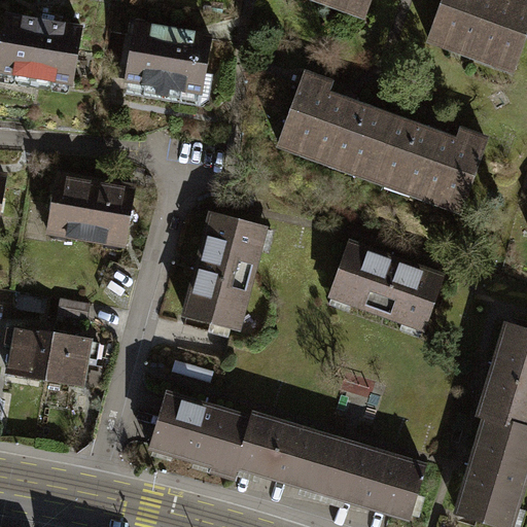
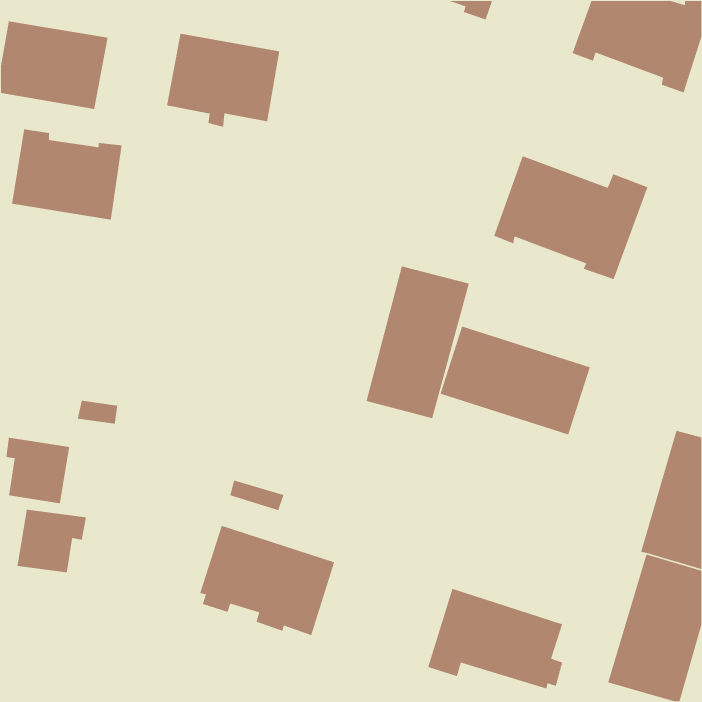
building: [277,73,391,177] -> none
building: [48,173,132,242] -> [11,128,123,221]
building: [184,213,262,328] -> [365,265,470,419]
building: [45,335,98,383] -> [17,509,87,573]
building: [235,414,339,500] -> none

